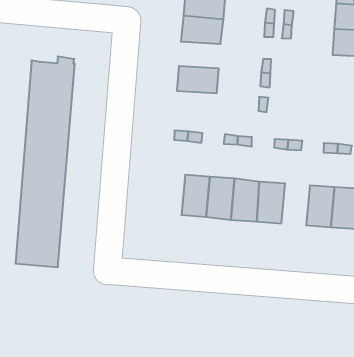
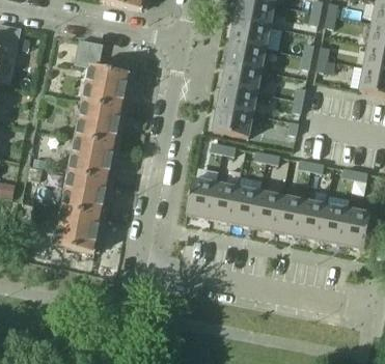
building: none -> [74,39,103,67]
building: none -> [221,63,260,91]
building: none -> [213,107,252,137]
building: none -> [186,178,216,218]
building: none -> [297,200,326,240]

